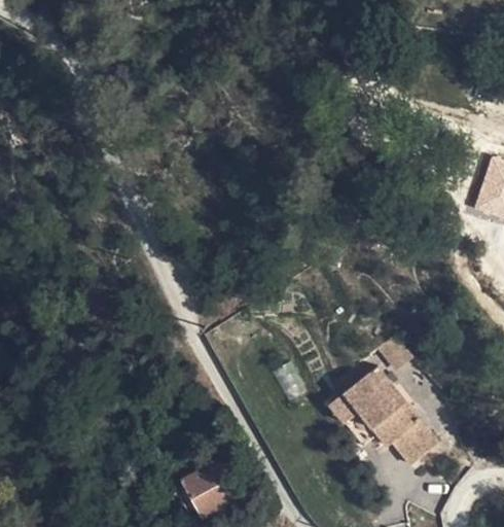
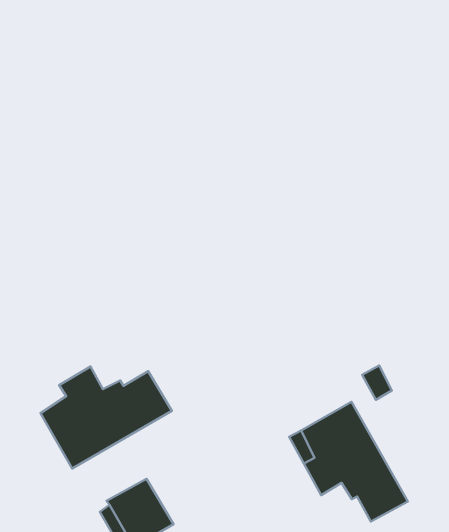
building: none -> [40,366,172,468]

